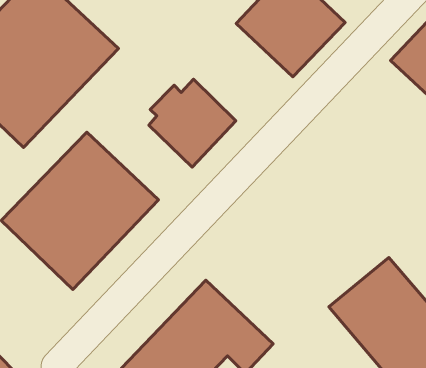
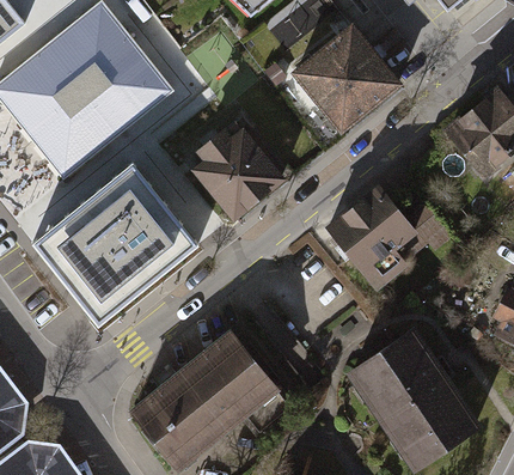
building: none -> [329,190,449,296]

